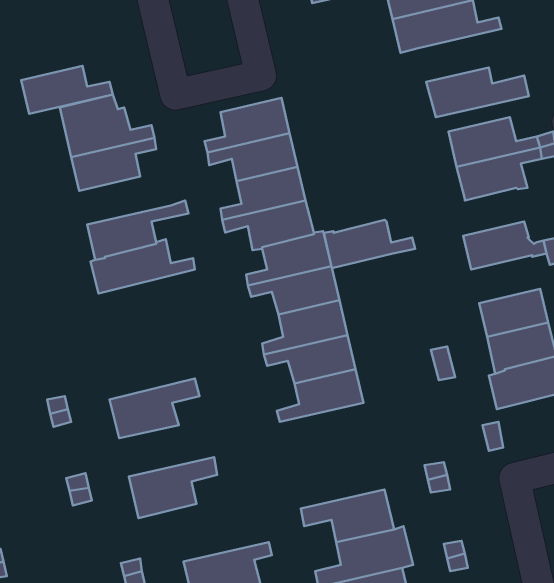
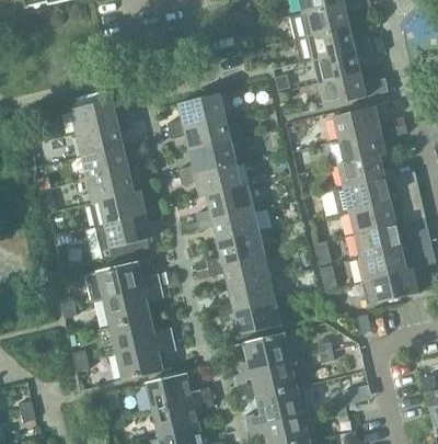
building: none -> [312,45,371,81]
building: [21,66,113,114] -> [81,146,143,179]
building: [324,220,415,268] -> [337,153,400,186]
building: none -> [348,200,395,232]
building: none -> [94,209,162,258]
building: none -> [84,261,160,300]
building: none -> [218,300,280,334]
building: none -> [108,316,173,351]
building: none -> [229,332,289,373]
building: none -> [146,371,210,409]

